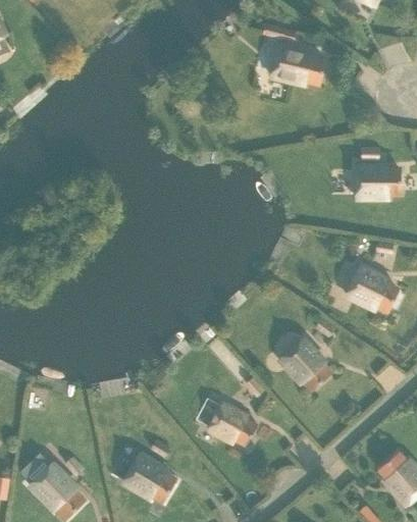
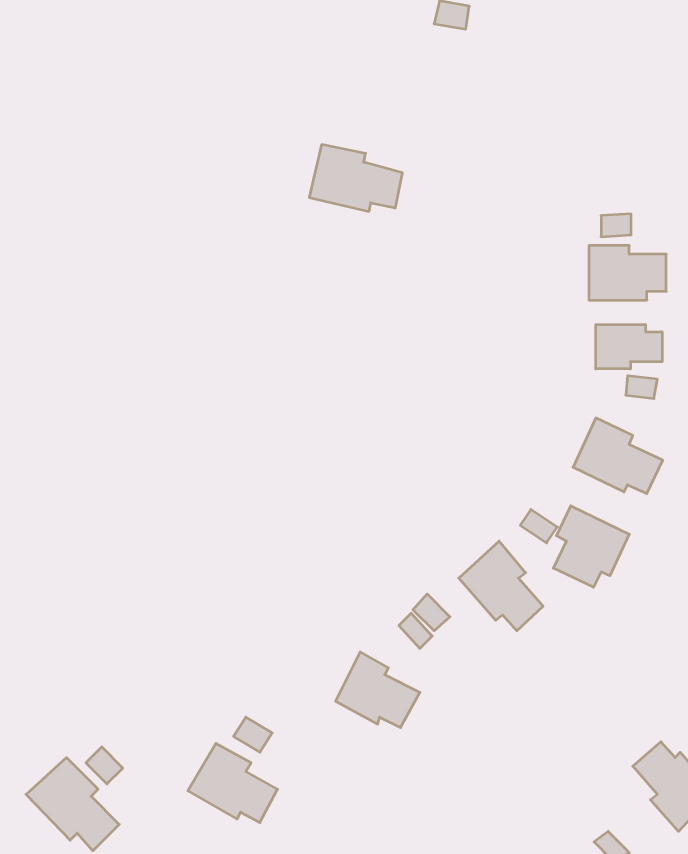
building: [269,44,323,83] -> [309,145,402,211]
building: none -> [596,325,662,369]
building: none -> [553,506,629,587]

